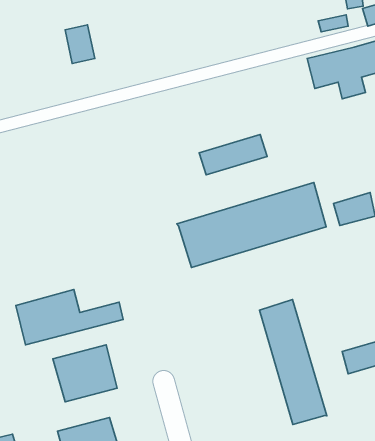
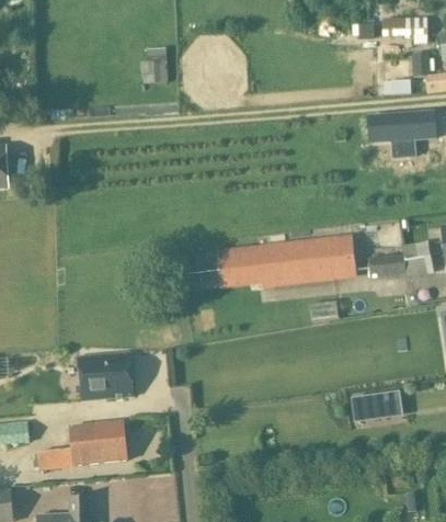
building: [199,135,267,175] -> none
building: [16,290,123,345] -> none
building: [260,300,327,425] -> none

